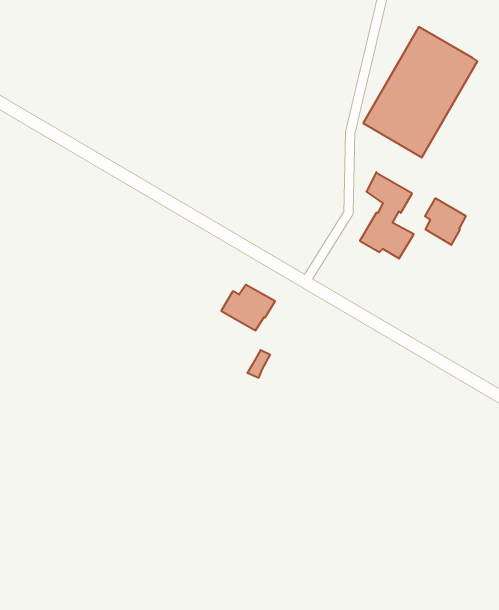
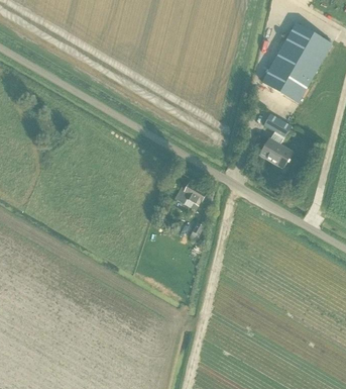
building: [425,198,466,245] -> none

